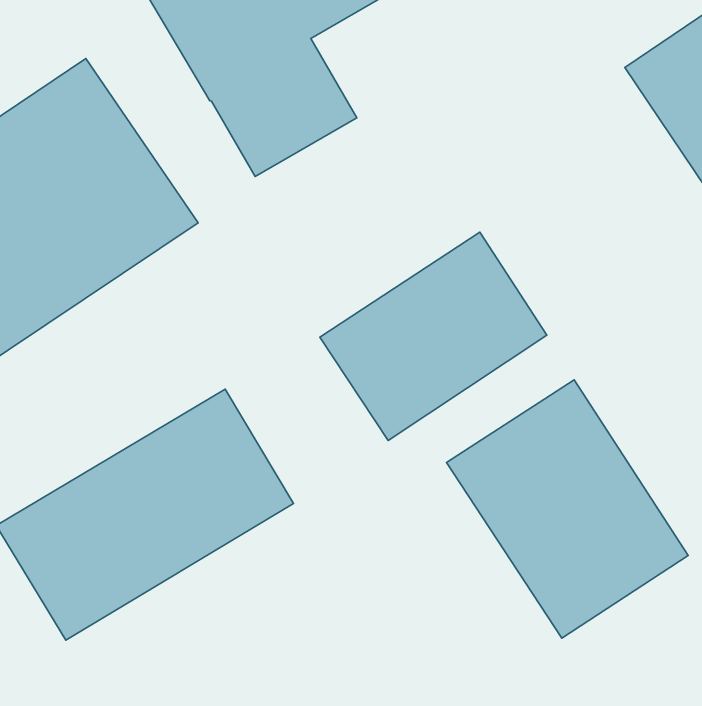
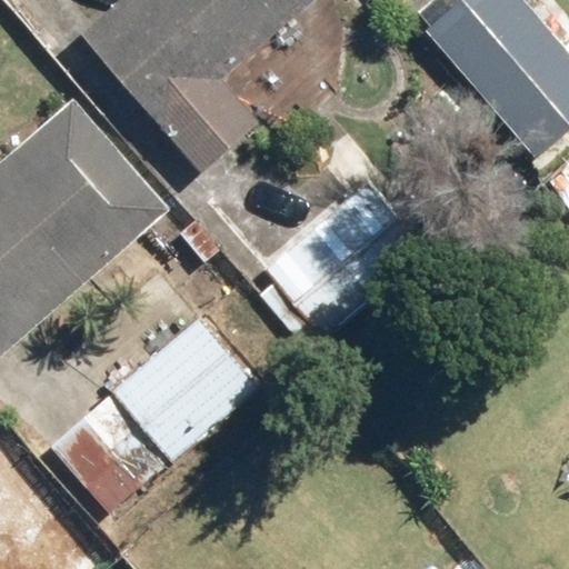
building: [446,380,688,638] -> none

